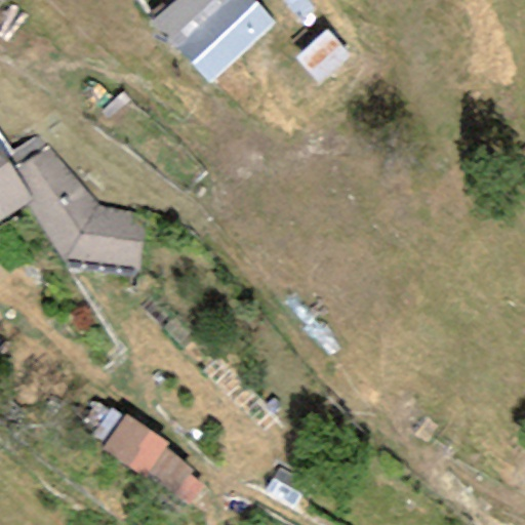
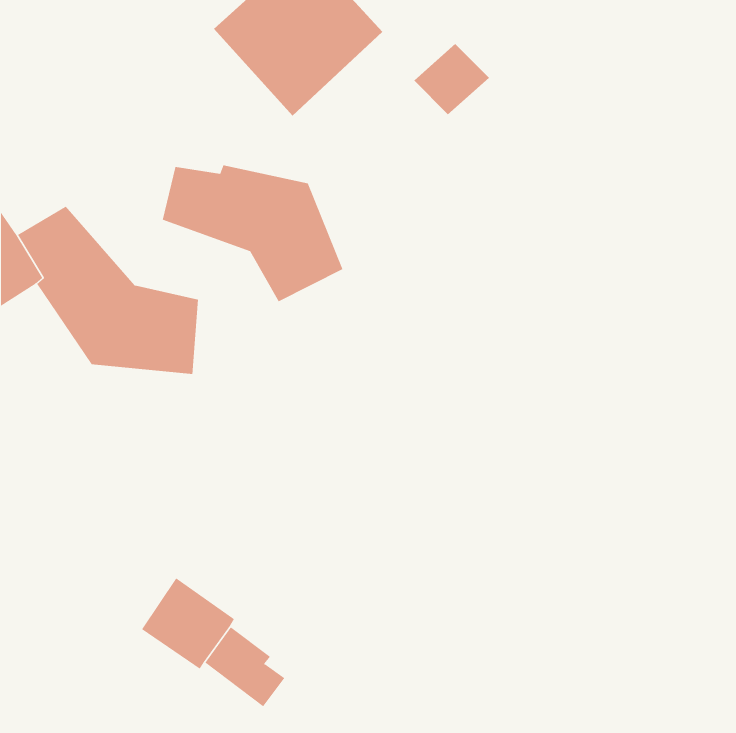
building: none -> [162,165,343,302]

